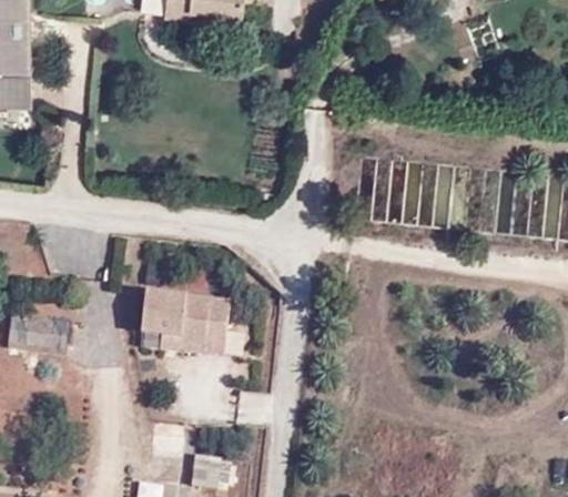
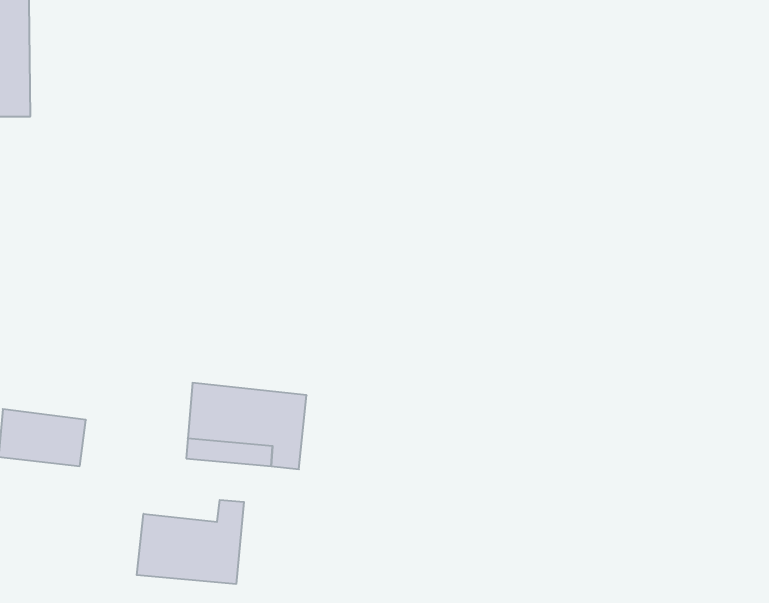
building: none -> [137,500,244,584]

